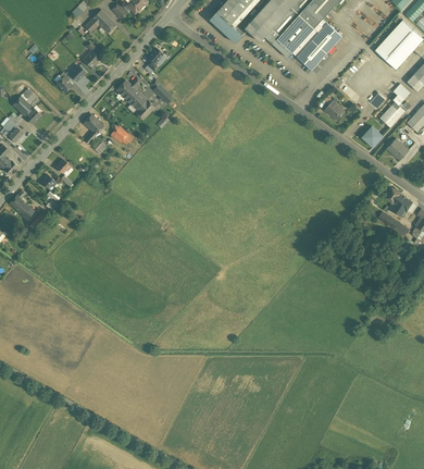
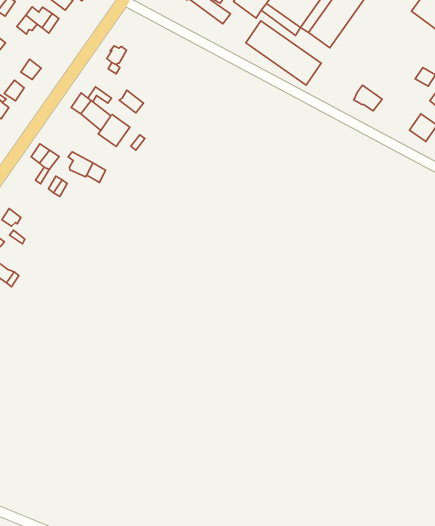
building: none -> [246,21,321,85]

